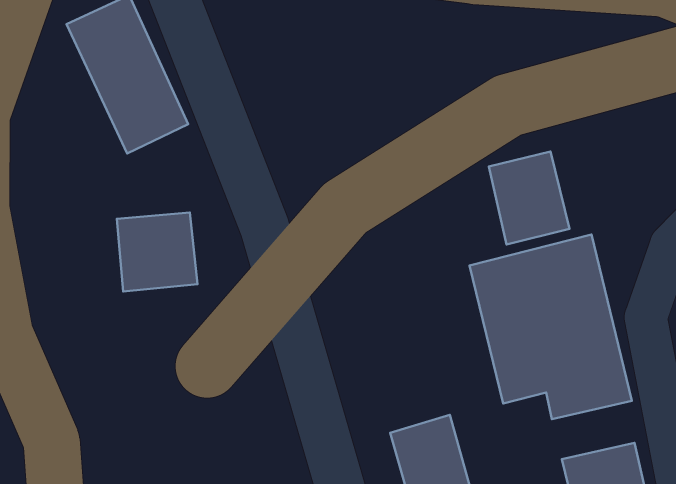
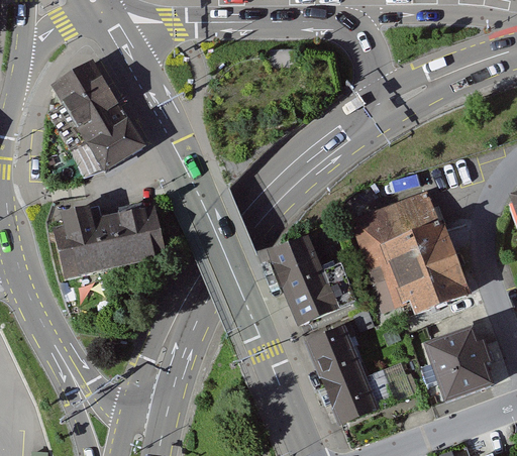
building: [489,152,570,245] -> none
building: none -> [50,214,109,273]
building: none -> [271,236,359,328]

